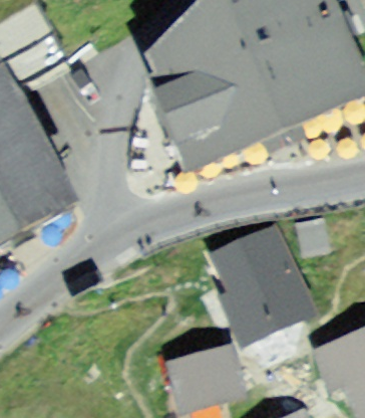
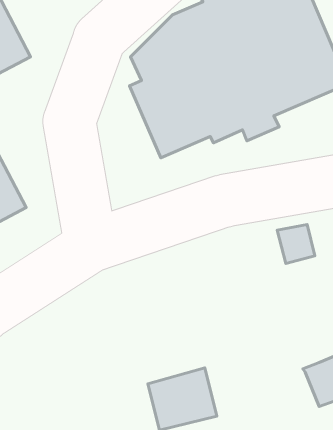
building: [232,238,307,346] -> none

